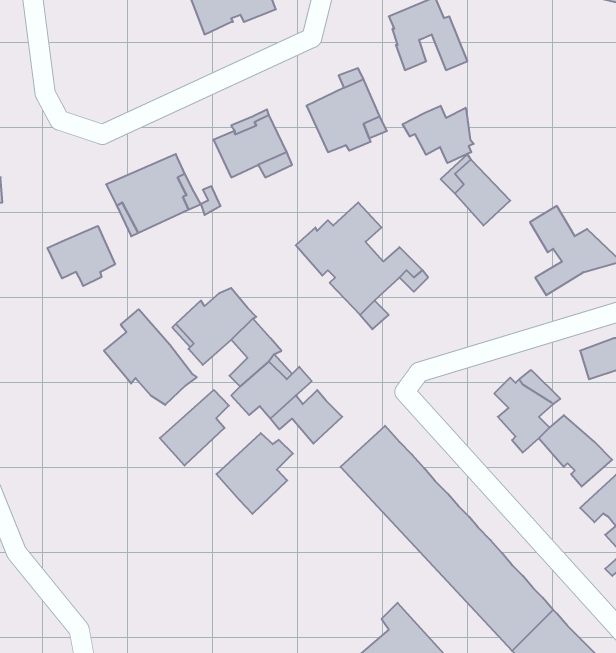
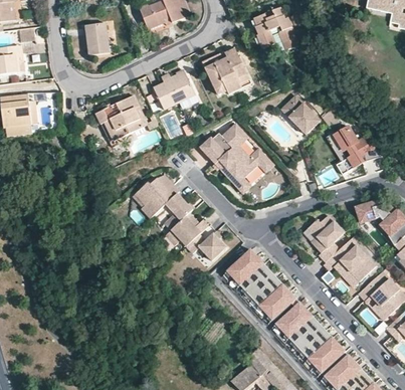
building: none -> [84,21,108,54]
building: [403,106,474,163] -> none
building: [47,226,115,286] -> none
building: [104,309,197,405] -> none
building: [160,390,229,466] -> none
building: [216,433,293,514] -> none

